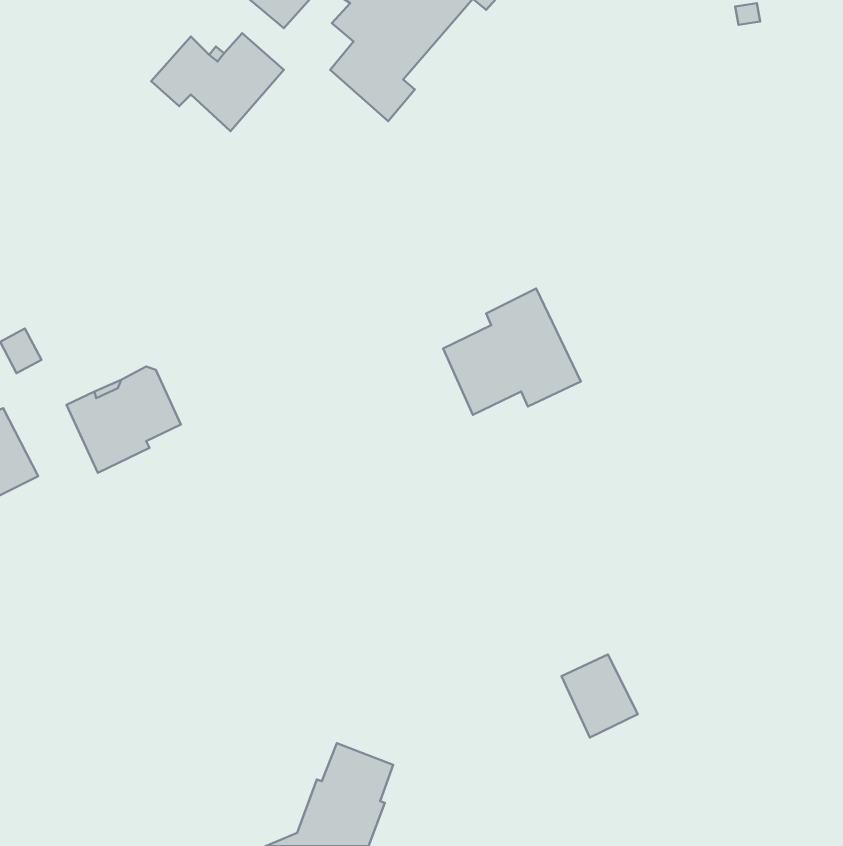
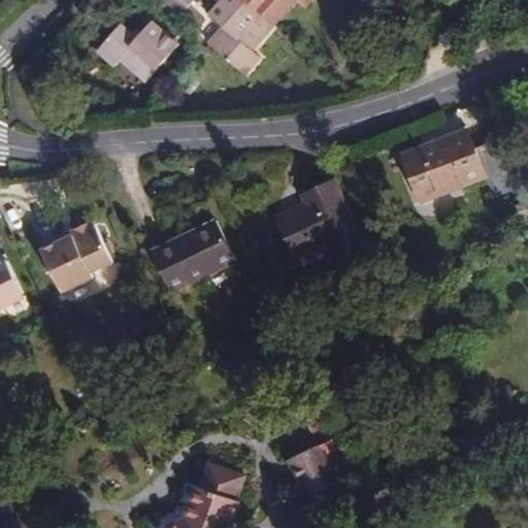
building: none -> [399,128,491,201]
building: none -> [150,219,234,291]
building: [562,655,638,738] -> [289,444,336,496]

